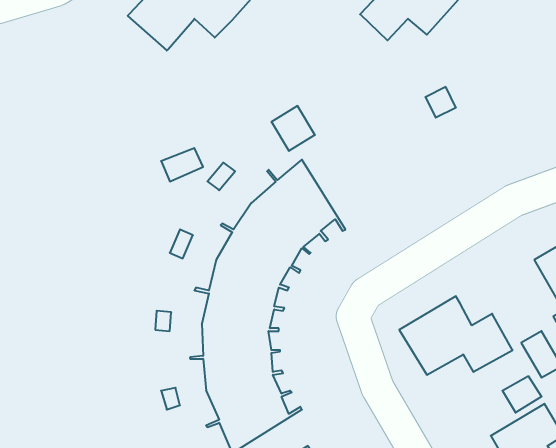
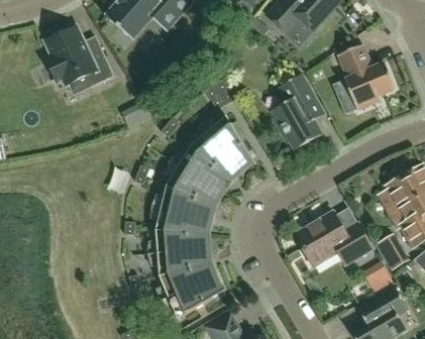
building: none -> [46,25,114,87]
building: none -> [337,44,396,110]
building: none -> [273,75,323,149]

